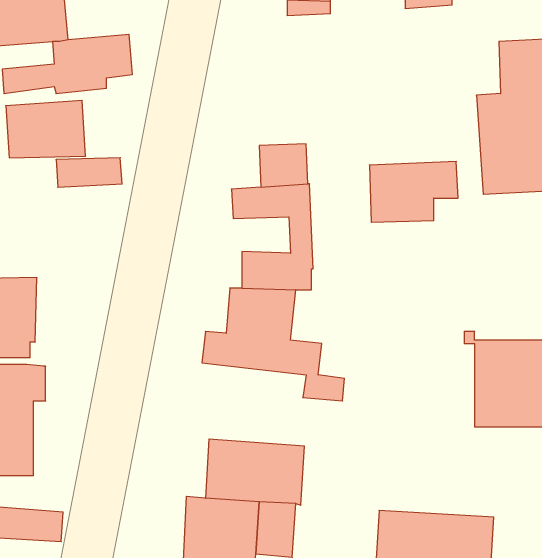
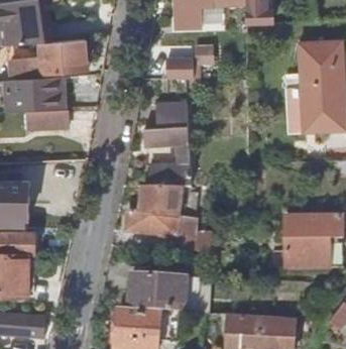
building: [369,162,458,222] -> [162,39,214,75]

